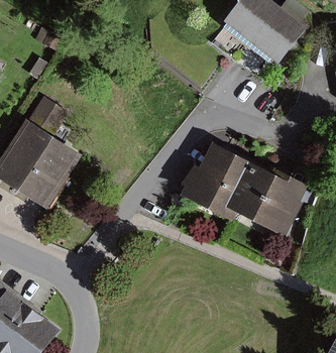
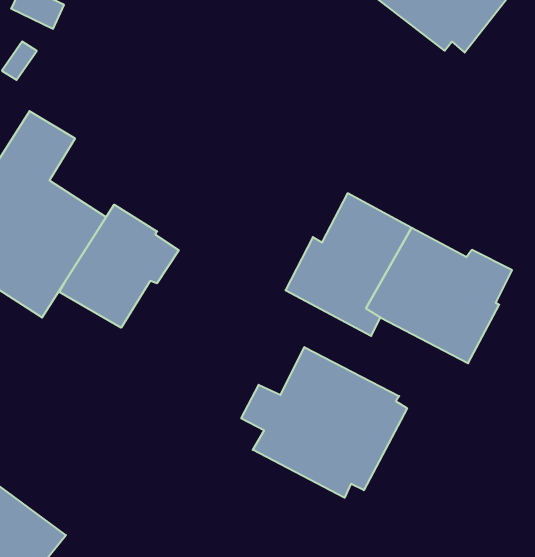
building: none -> [60,205,179,328]
building: none -> [241,347,407,498]

